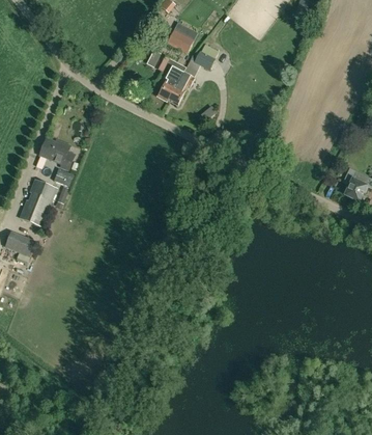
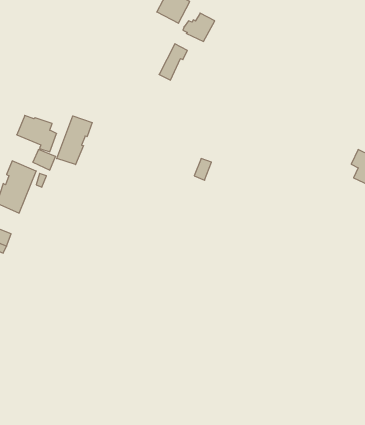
building: [153,54,185,101] -> none
building: none -> [57,116,92,165]

